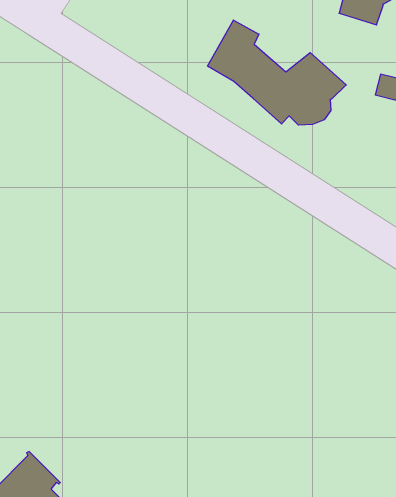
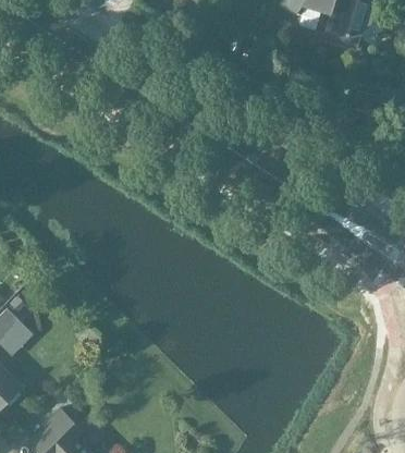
building: [207,20,346,125] -> none

